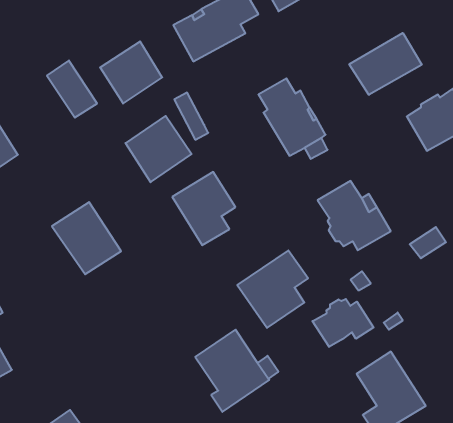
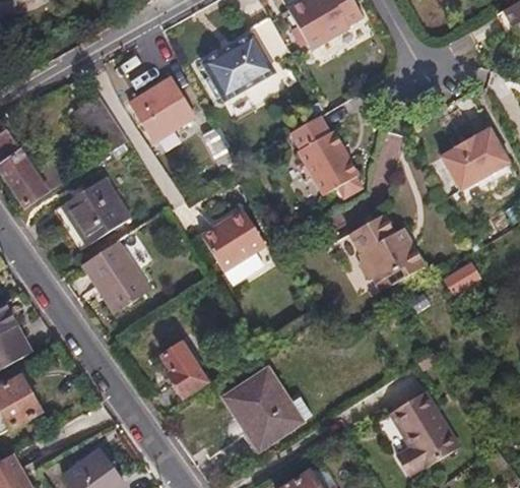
building: [349,33,422,95] -> none
building: [125,116,192,182] -> [63,178,130,245]
building: [237,250,308,328] -> none
building: [312,299,374,347] -> none
building: none -> [162,343,206,398]

